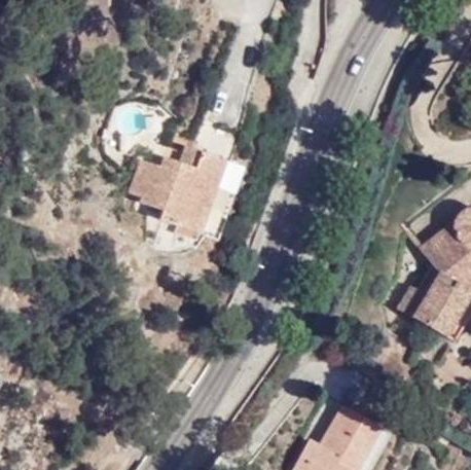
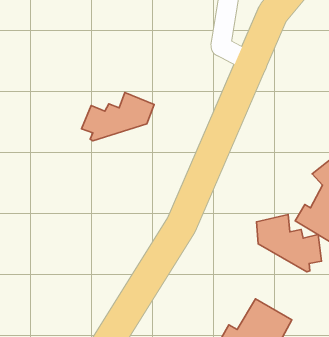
building: [140,185,209,234] -> none
building: none -> [256,215,321,272]

